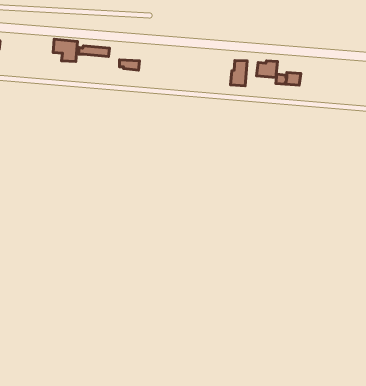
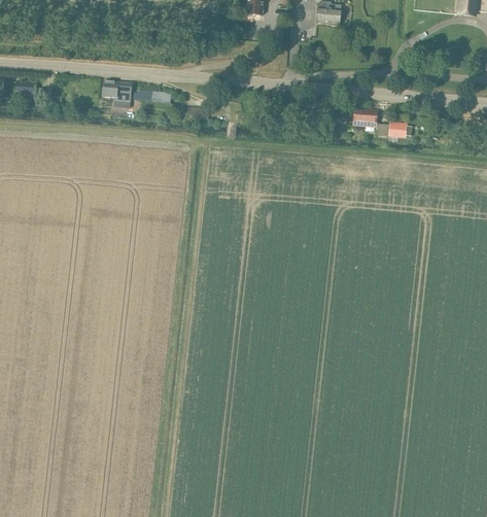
building: [230,60,247,86] -> none

